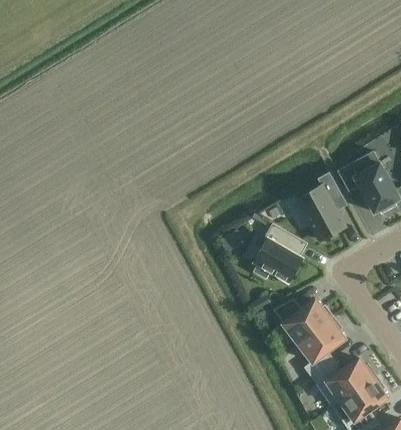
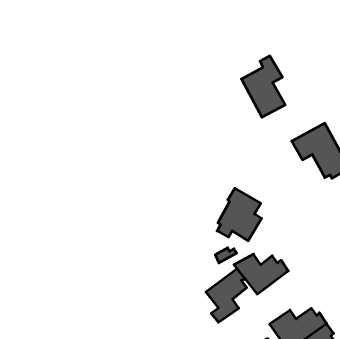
building: [297,172,346,241] -> [241,56,285,117]
building: [298,317,344,377] -> [206,269,247,322]

